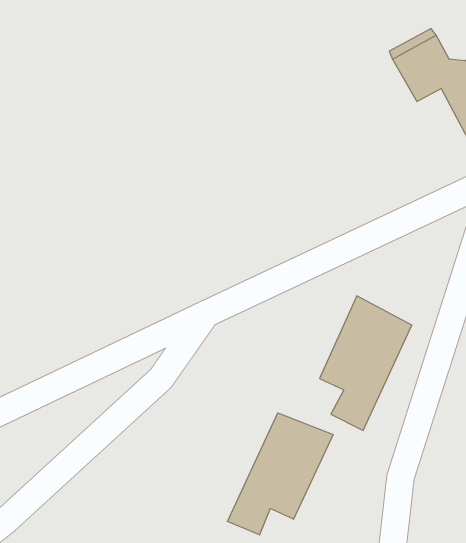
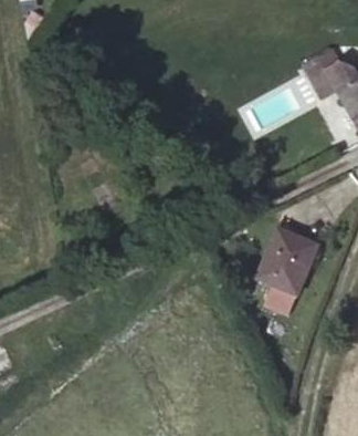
building: [228,413,333,535] -> none

